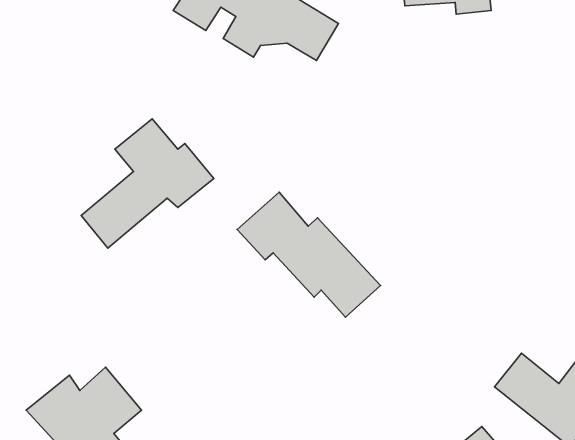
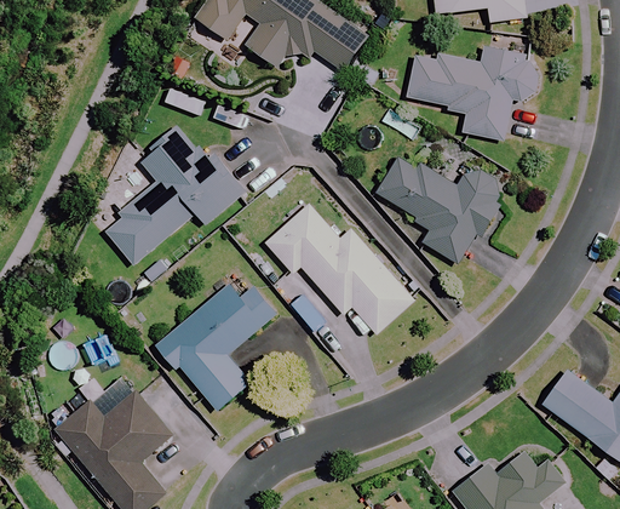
building: none -> [411,47,542,139]
building: none -> [381,155,505,263]
building: none -> [156,279,268,411]

